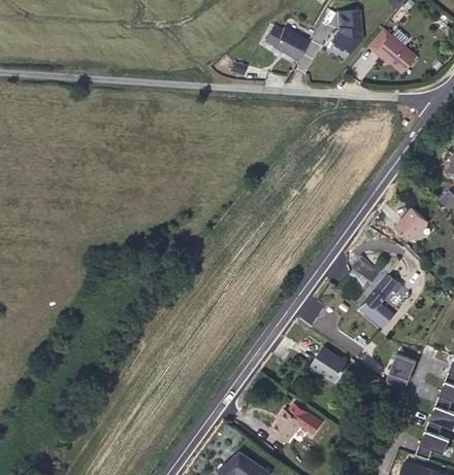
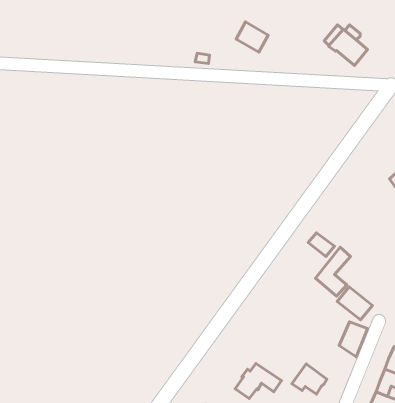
building: [331,10,362,53] -> none
building: [395,209,428,242] -> none
building: none -> [337,287,373,320]
building: [307,347,346,380] -> [292,364,327,394]

